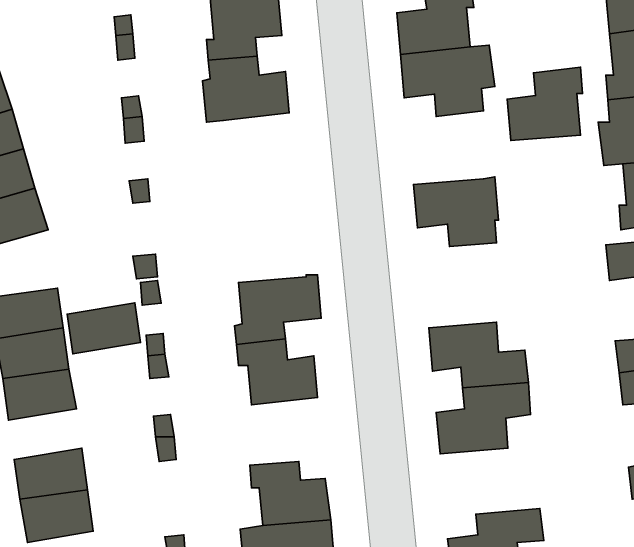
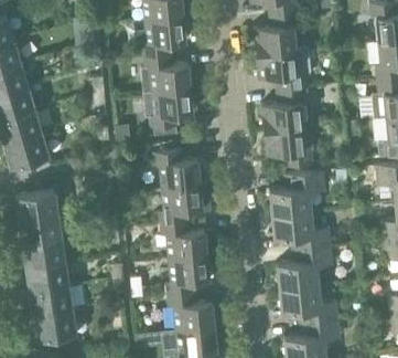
building: [507,67,582,141] -> [261,87,305,130]
building: none -> [150,88,193,129]
building: none -> [153,151,201,188]
building: none -> [269,171,325,214]
building: [67,303,141,354] -> [26,262,69,292]
building: none -> [166,255,209,295]
building: none -> [279,285,337,324]

